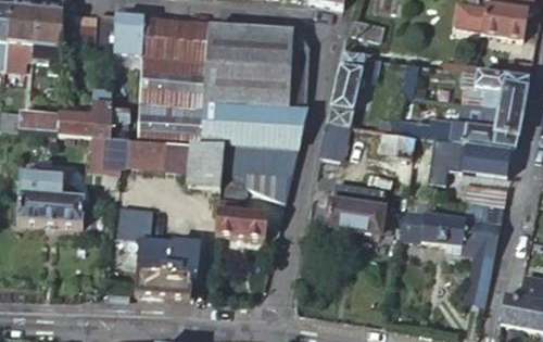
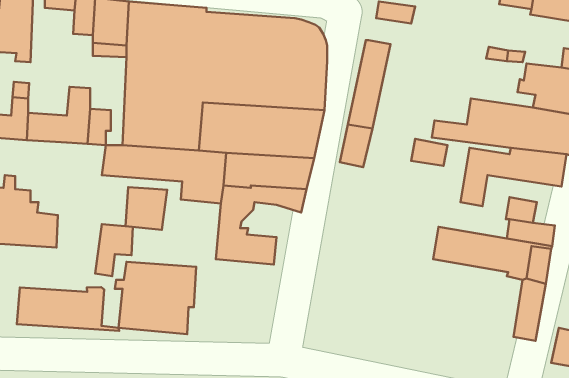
building: [90,137,125,173] -> [126,187,167,230]
building: [327,183,386,233] -> none
building: none -> [17,287,119,331]

